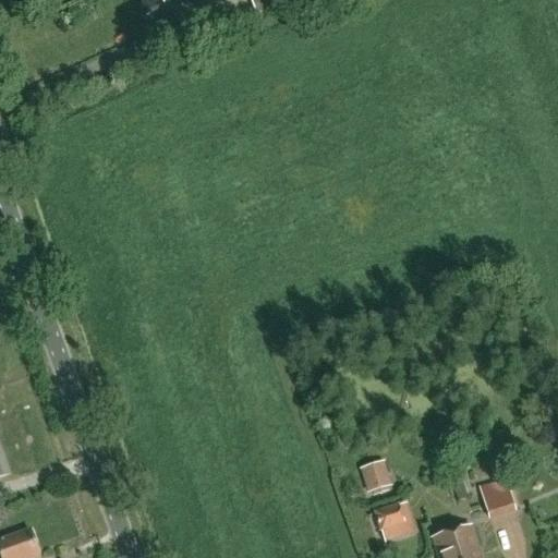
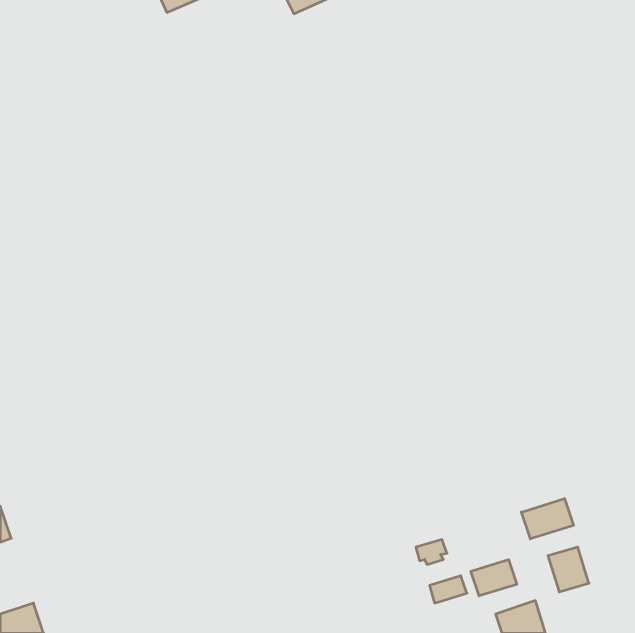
building: none -> [521,499,574,539]
building: none -> [471,560,517,596]

